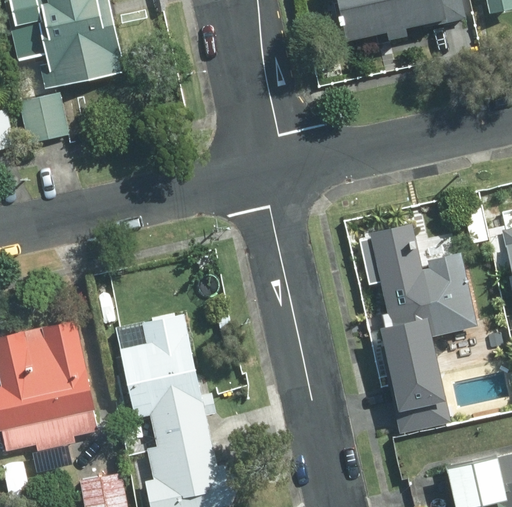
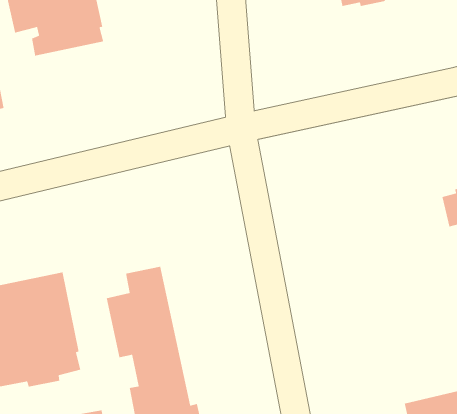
building: [19,93,67,142] -> none
building: [359,219,475,425] -> none

